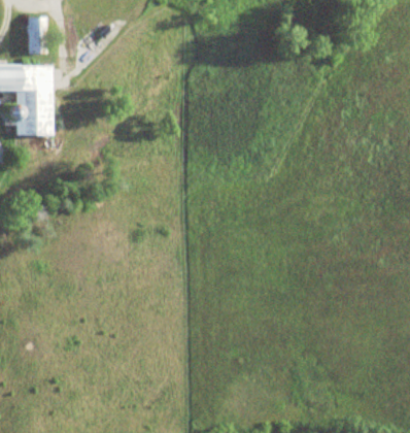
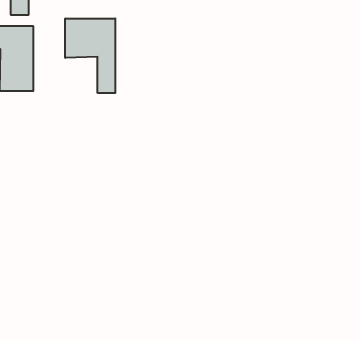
building: none -> [65,18,115,93]

